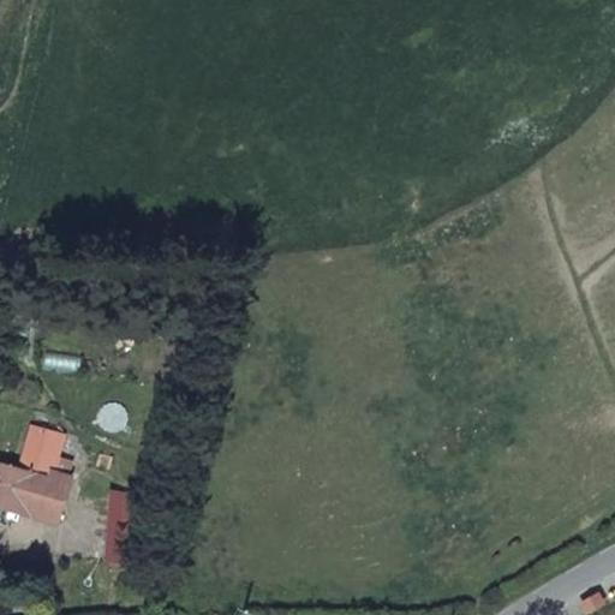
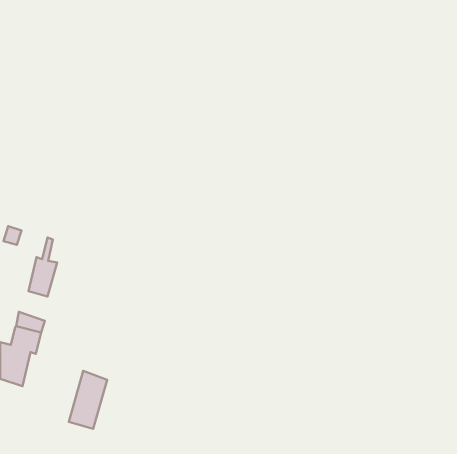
building: [30,447,68,526] -> [29,238,57,297]

